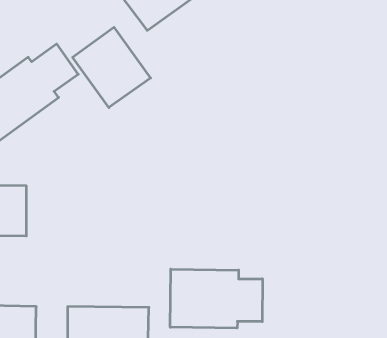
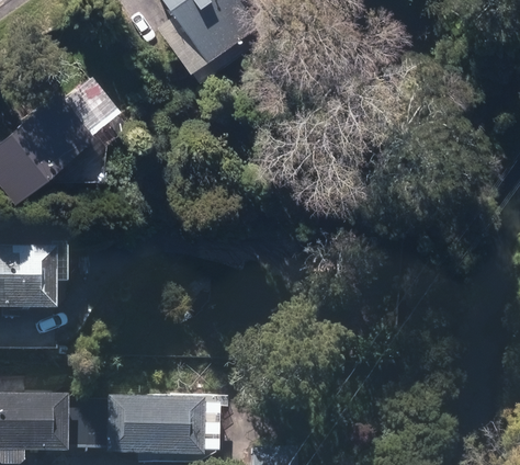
building: [73,27,151,108] -> none
building: [170,269,262,328] -> none

